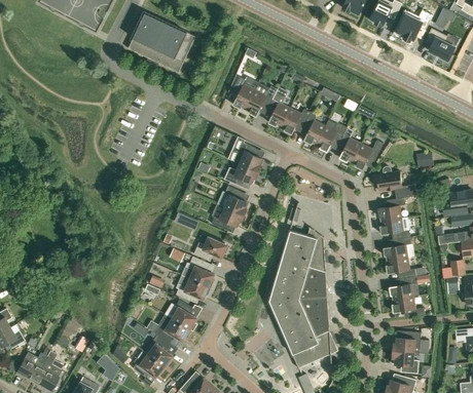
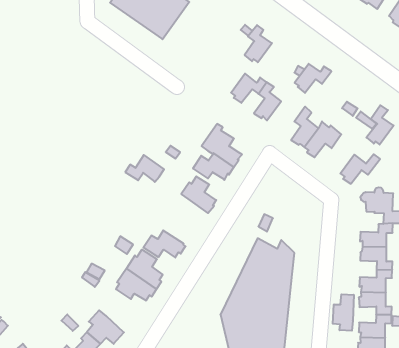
building: [233,76,255,108] -> [245,25,272,62]
building: [281,108,311,133] -> [295,64,331,93]
building: [339,127,361,161] -> [366,105,394,145]
building: [211,205,244,228] -> [125,155,164,182]
building: none -> [333,294,354,331]
building: [172,300,196,330] -> none

